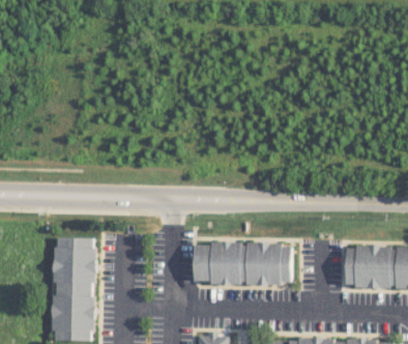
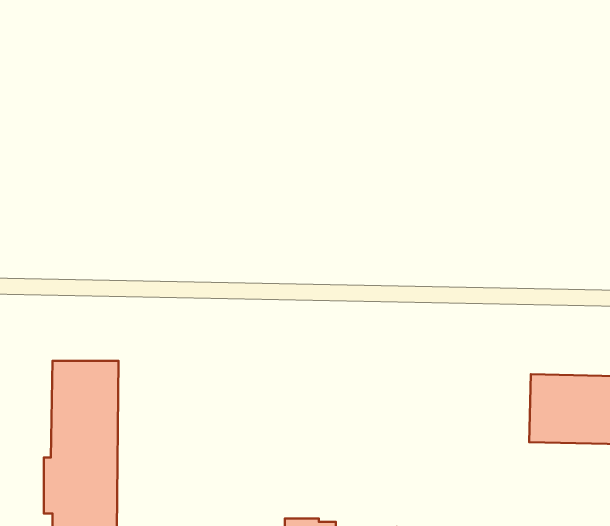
building: [194,243,292,284] -> none

